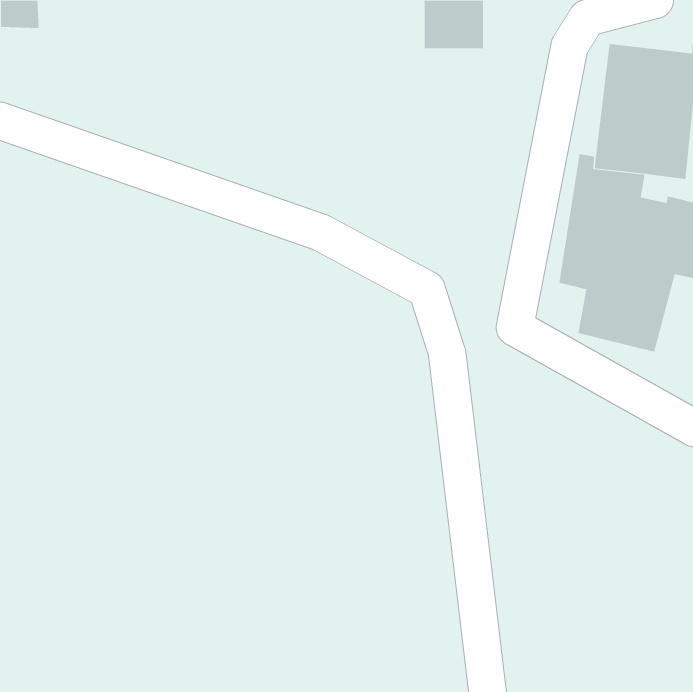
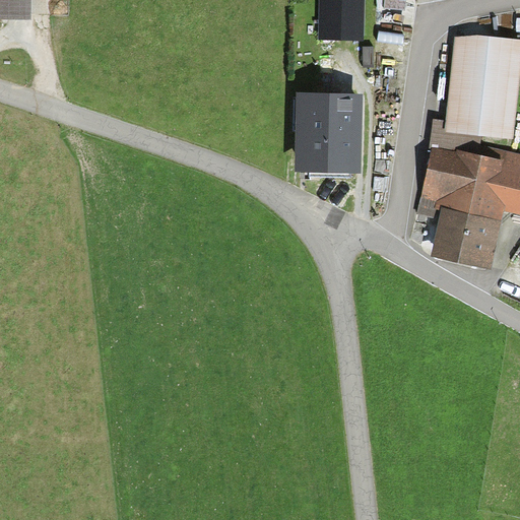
building: none -> [298,93,362,174]

